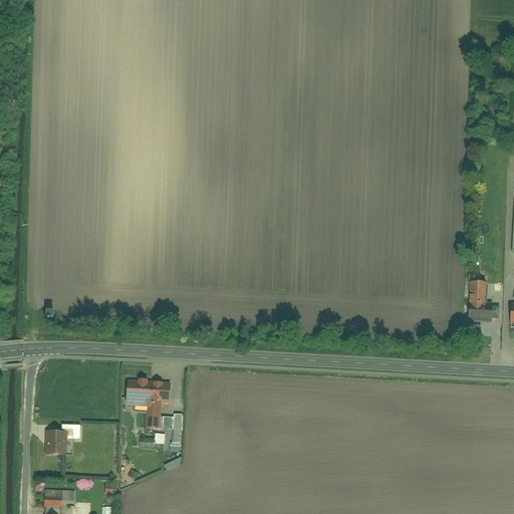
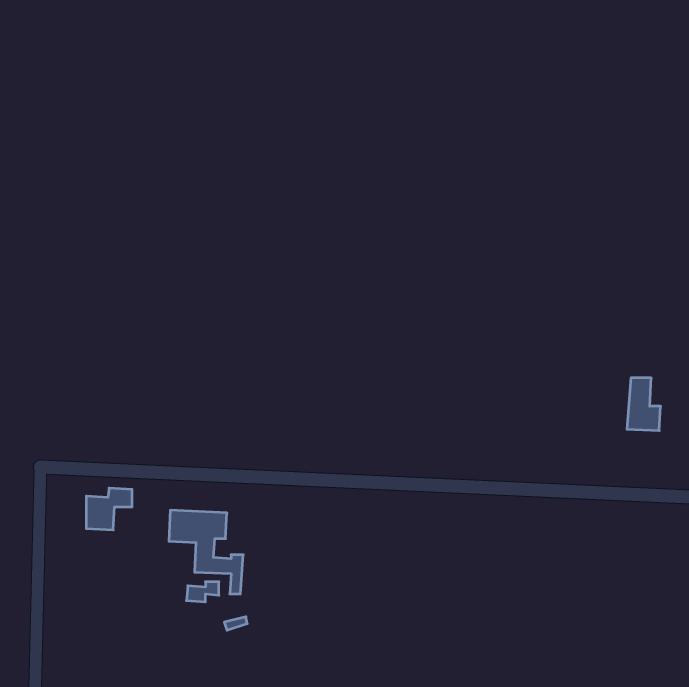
building: [45,423,79,454] -> [86,488,132,530]
building: [43,489,74,505] -> none

